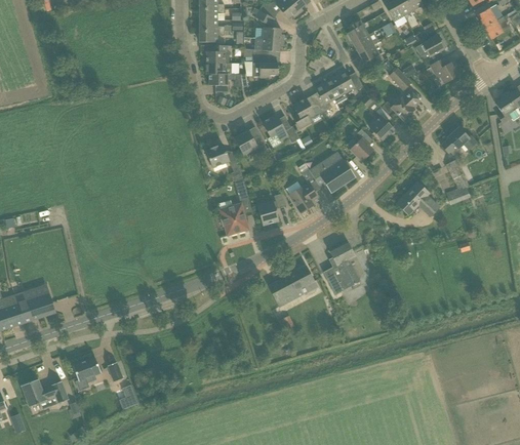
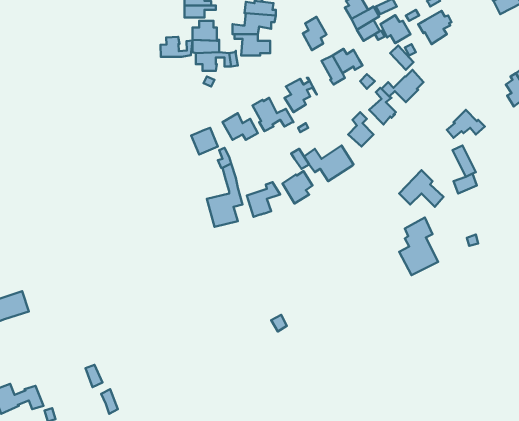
building: [431,57,458,83] -> [381,15,411,43]
building: none -> [160,37,192,57]
building: [313,82,334,113] -> [303,17,326,50]
building: [324,241,360,294] -> [399,217,438,275]
building: [268,266,314,307] -> none
building: [73,357,101,382] -> none

